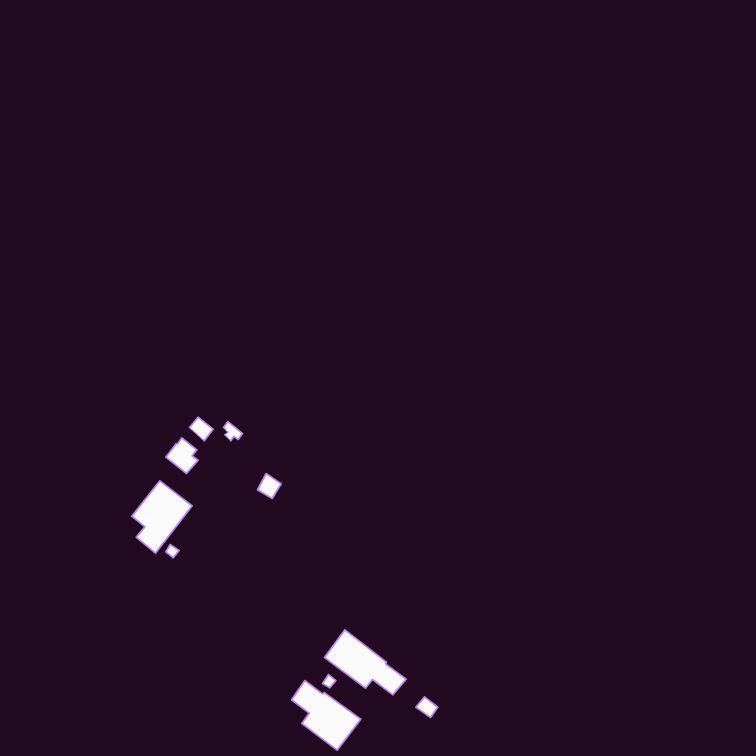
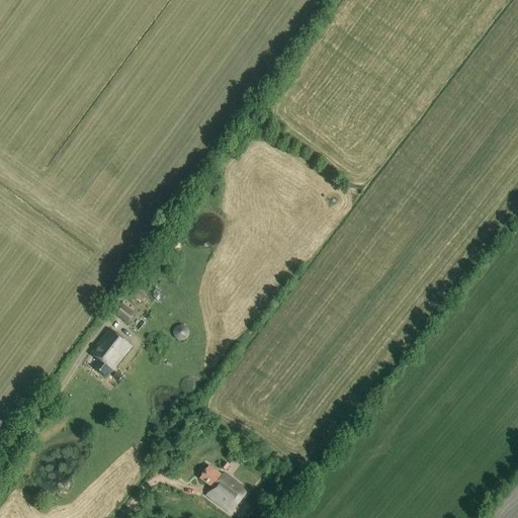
building: [324,630,406,695] -> none

